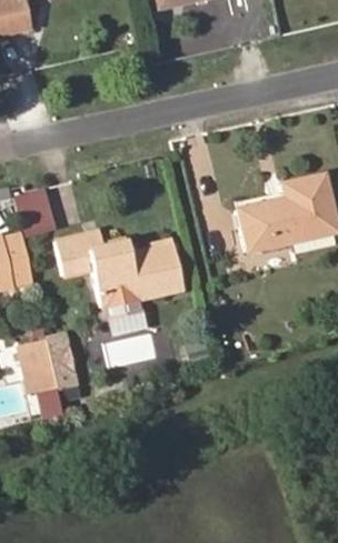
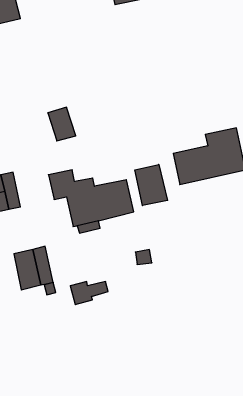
building: [19,187,57,232] -> [48,107,76,141]
building: none -> [135,164,168,206]
building: [105,338,156,369] -> [70,282,108,305]

